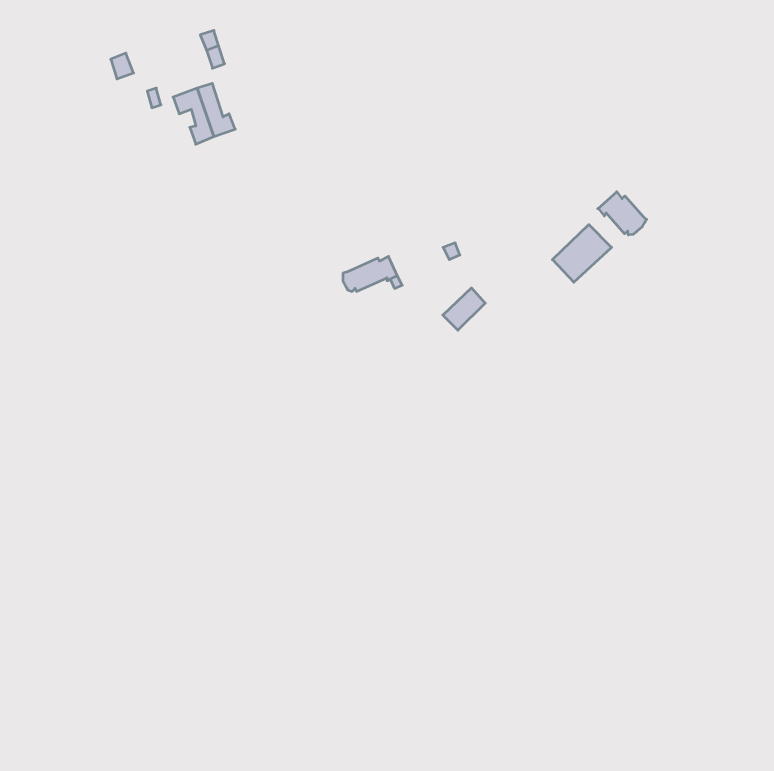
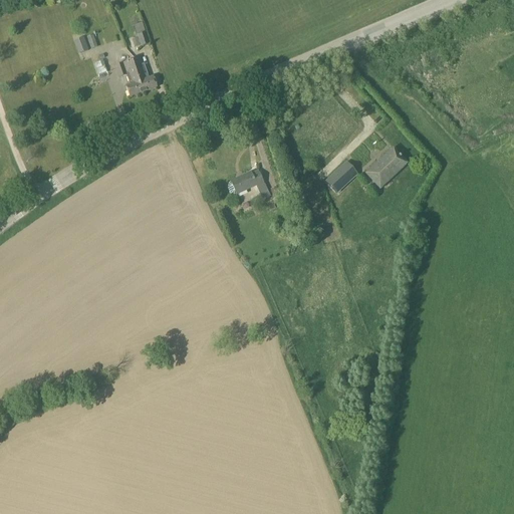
building: [598,192,647,235] -> none
building: [443,288,485,330] -> [328,162,356,190]

